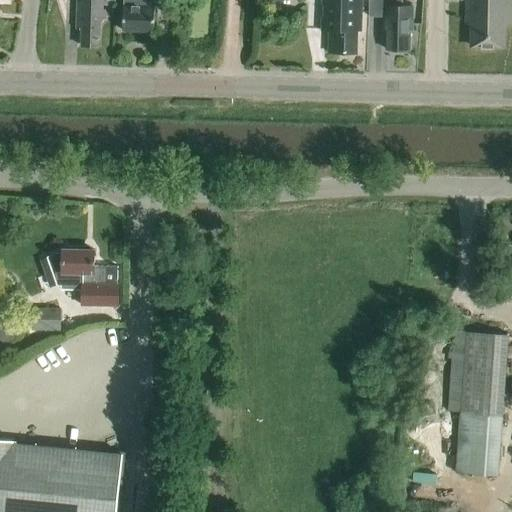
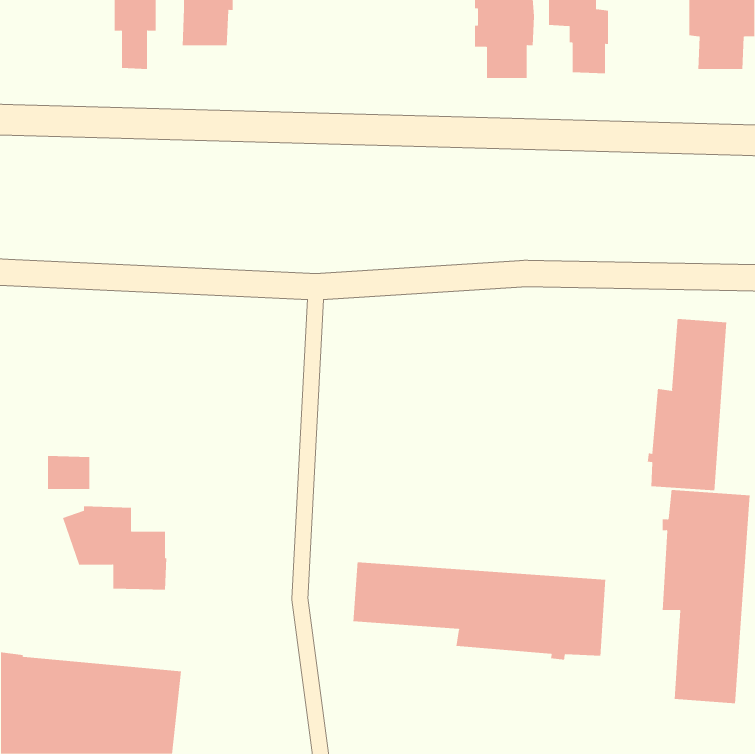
building: none -> [647,318,727,491]
building: [48,249,119,306] -> [62,506,167,590]
building: none -> [353,562,606,660]

